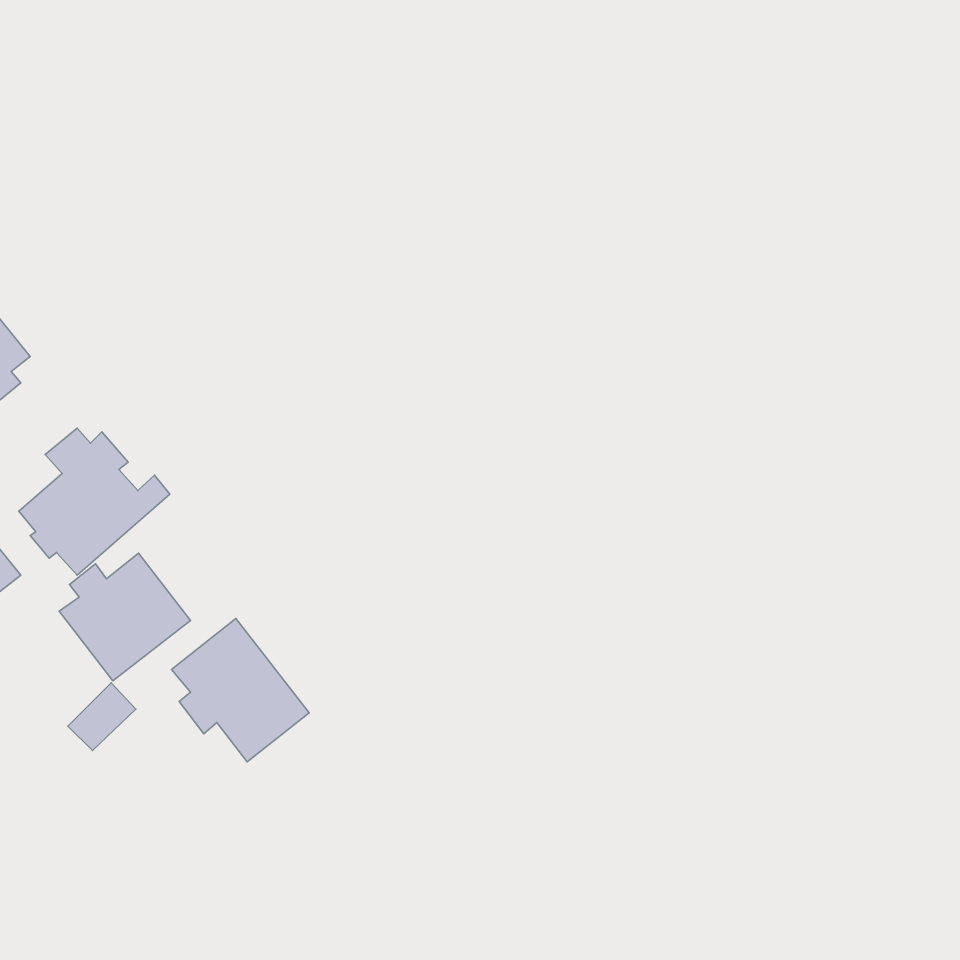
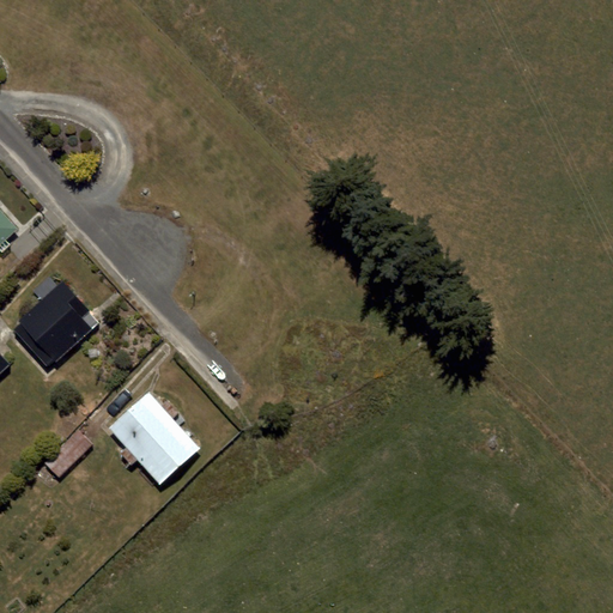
building: [59,553,190,681] -> none

